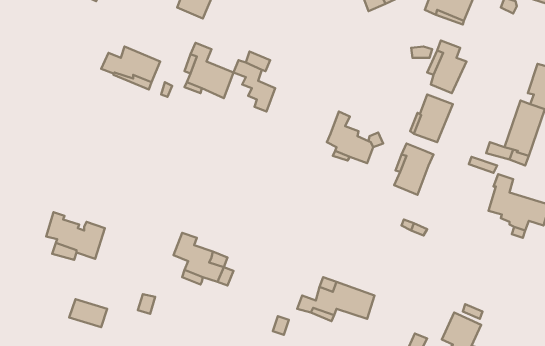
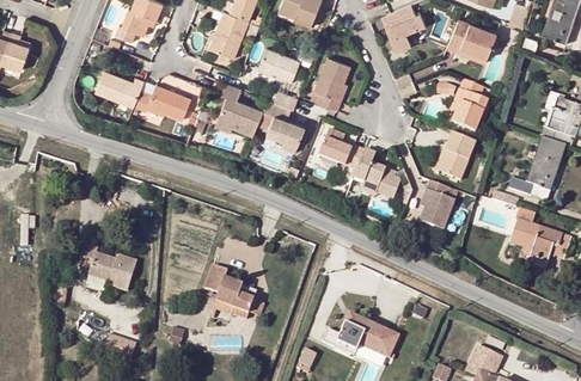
building: none -> [257,48,300,81]
building: none -> [310,56,349,110]
building: none -> [94,73,143,107]
building: none -> [318,129,365,171]

